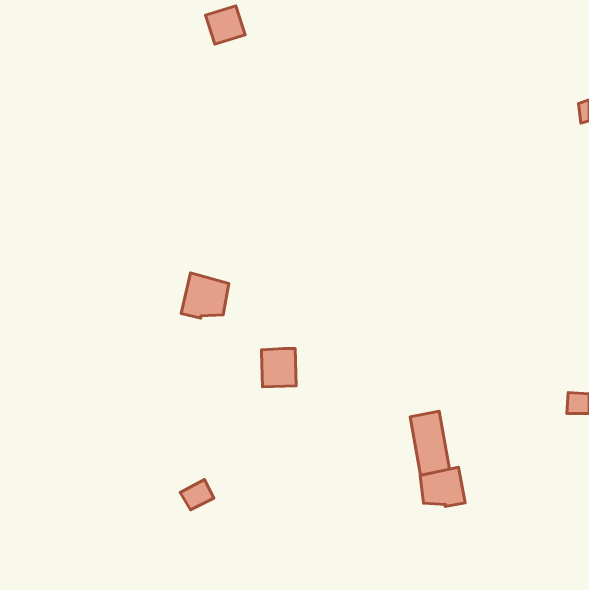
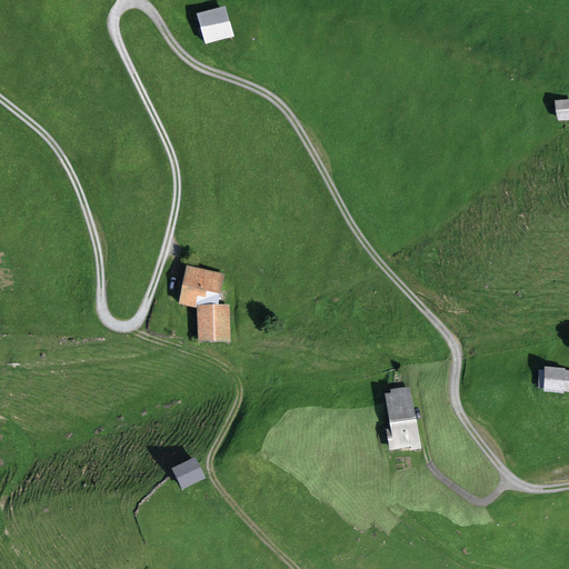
building: [261,349,296,387] -> [192,301,226,338]
building: [420,467,465,506] -> none

